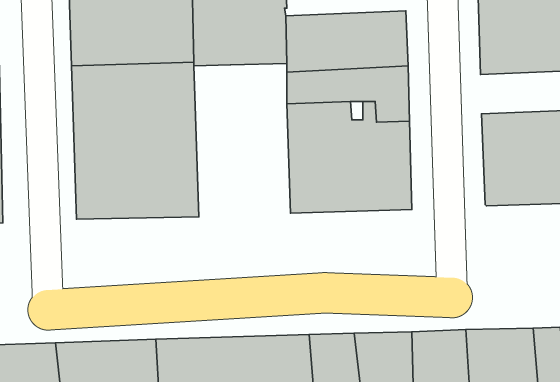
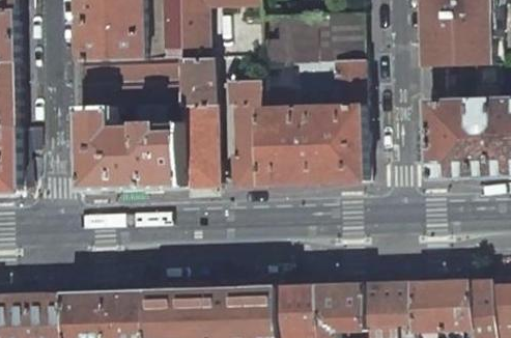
building: none -> [180,57,216,186]
building: none -> [227,79,262,184]

